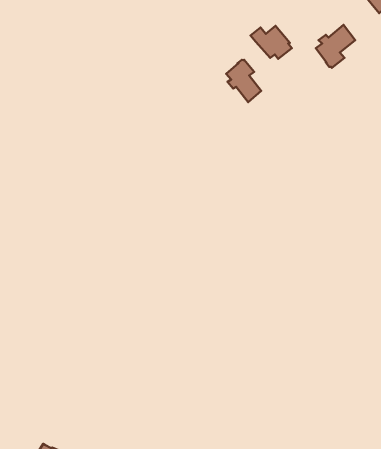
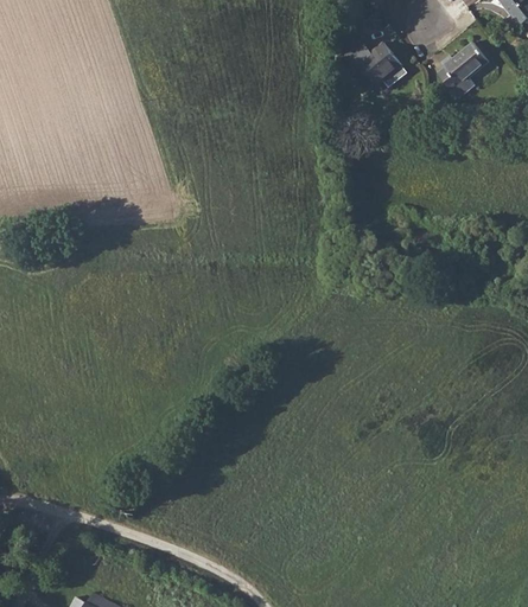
building: [226,60,261,102] -> none

